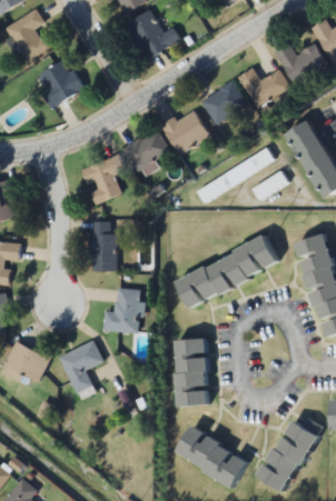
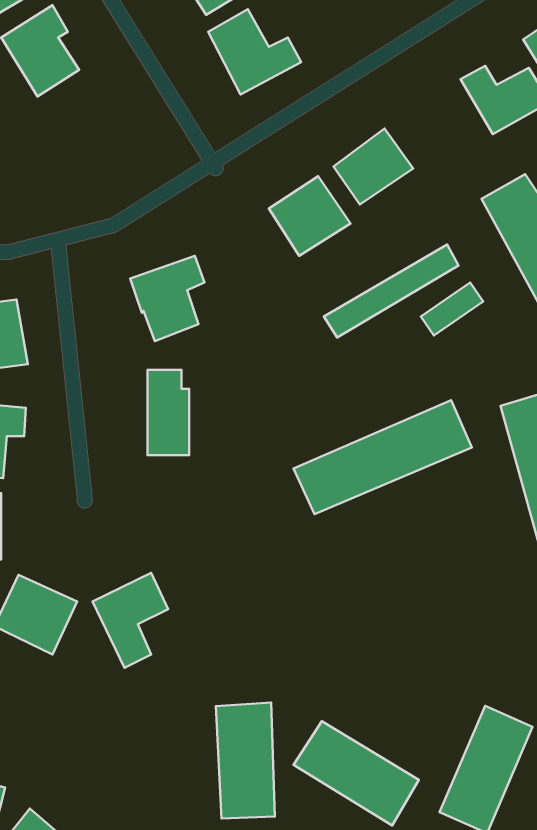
building: [38,58,83,108] -> none
building: [236,68,288,108] -> none
building: [121,130,168,170] -> none
building: [103,288,137,331] -> none
building: [175,338,209,405] -> [216,703,275,818]

